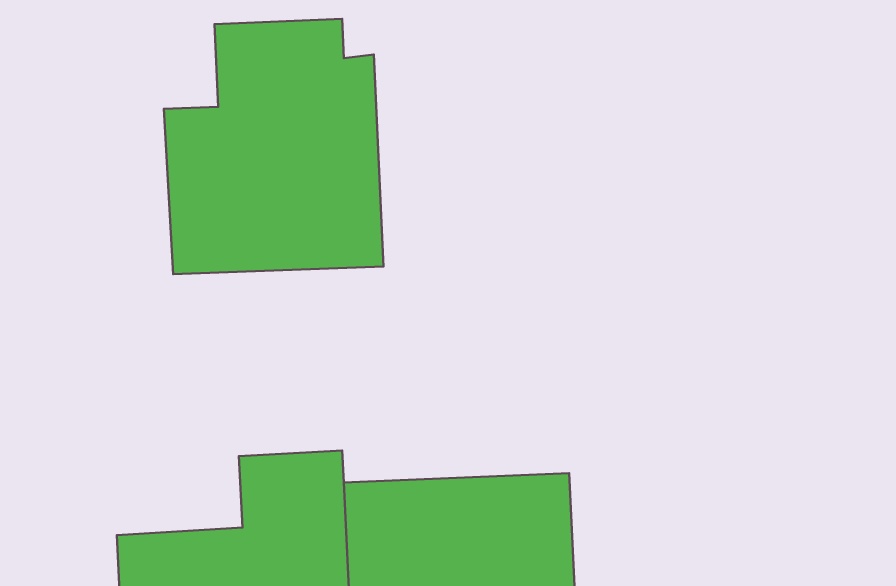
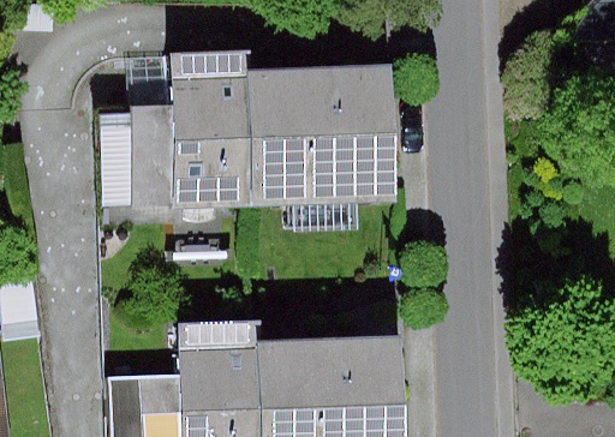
building: none -> [273,66,394,206]

